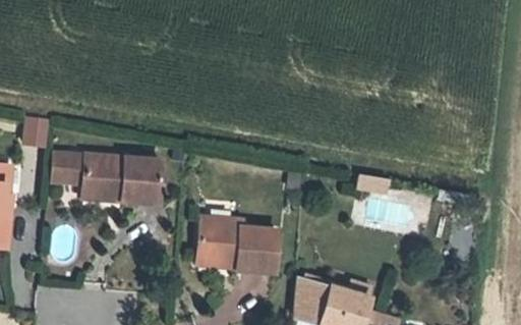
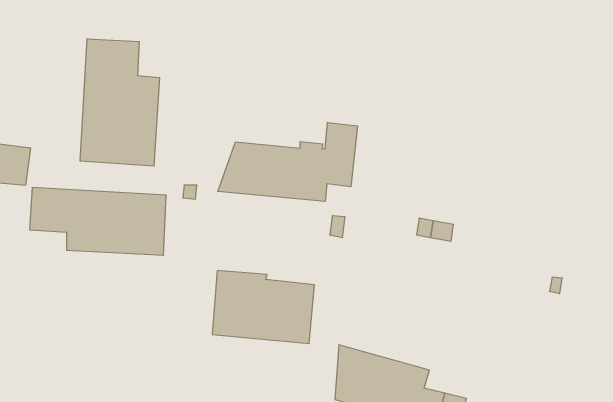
building: none -> [80,39,159,166]
building: none -> [218,122,357,201]

